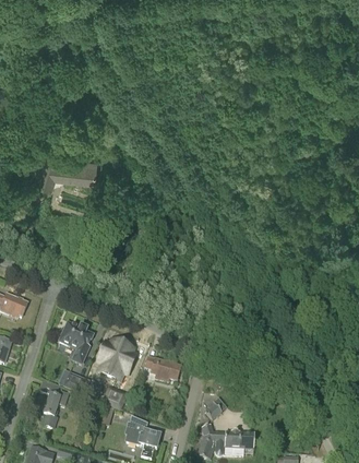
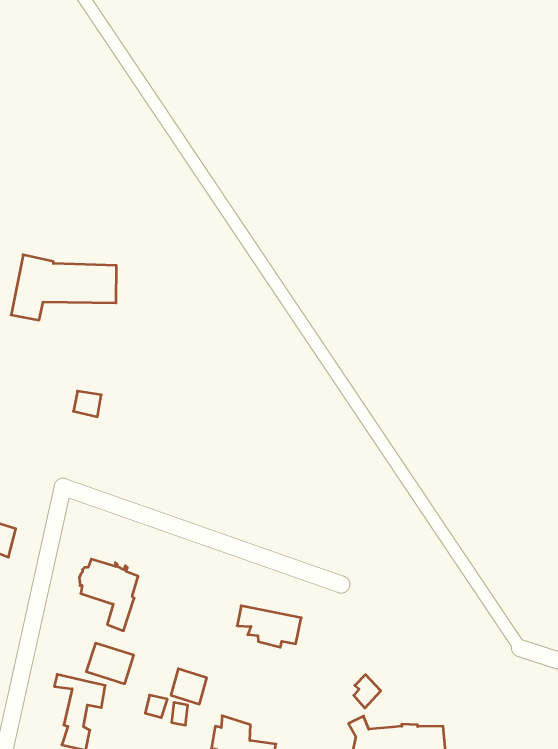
building: [99,341,133,378] -> none

